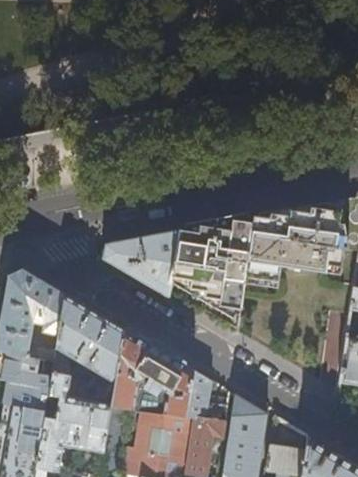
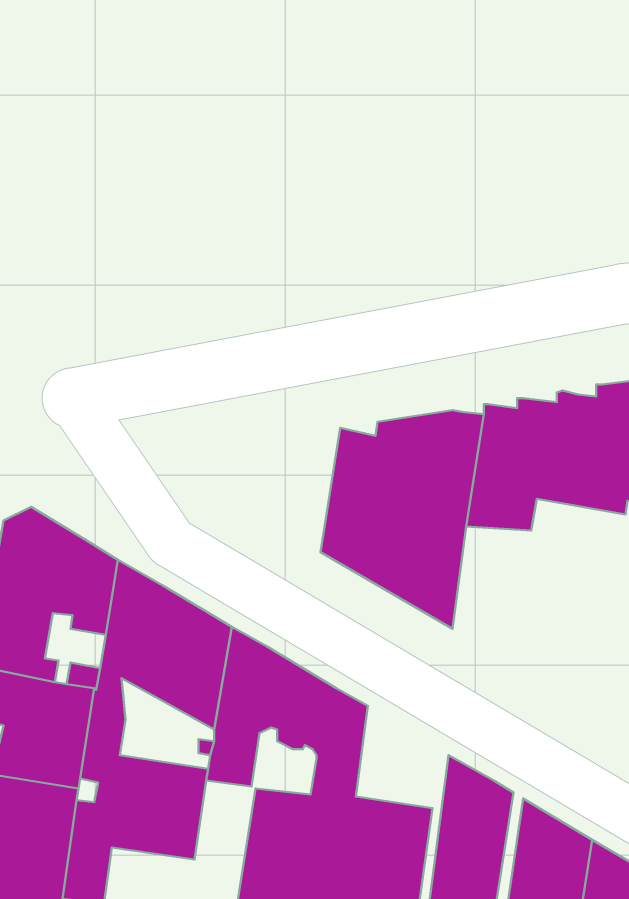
building: [101,228,178,298] -> none
building: [186,369,226,421] -> none

